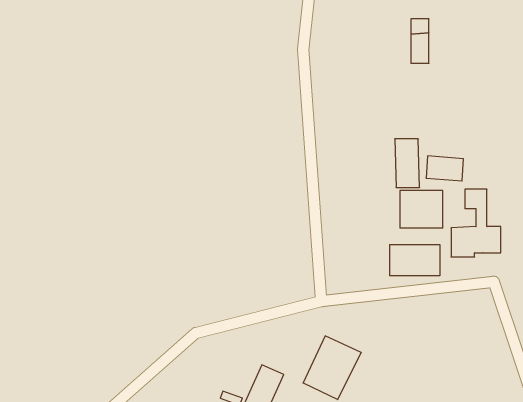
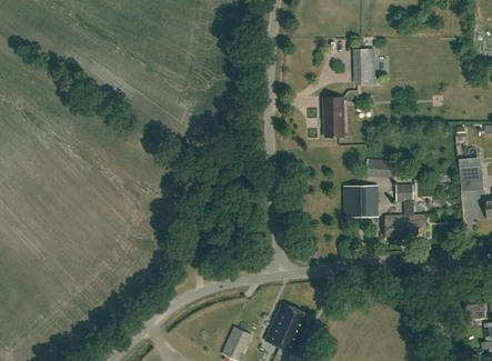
building: [395,139,420,187] -> [324,99,344,138]
building: [390,245,440,276] -> none

